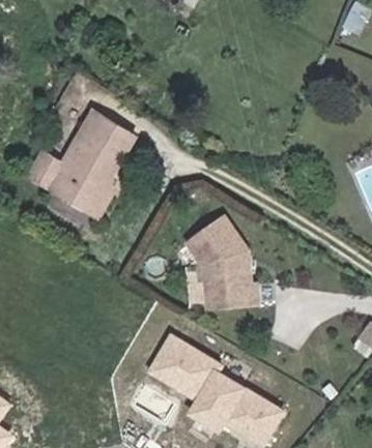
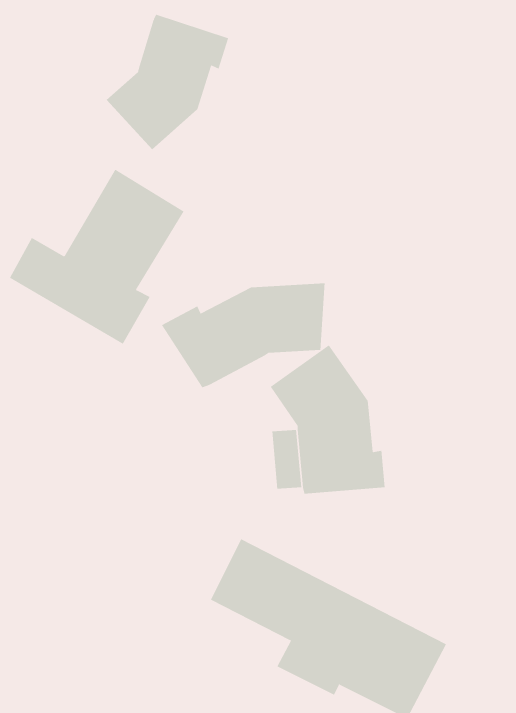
building: none -> [106,14,229,150]
building: none -> [161,283,325,388]

